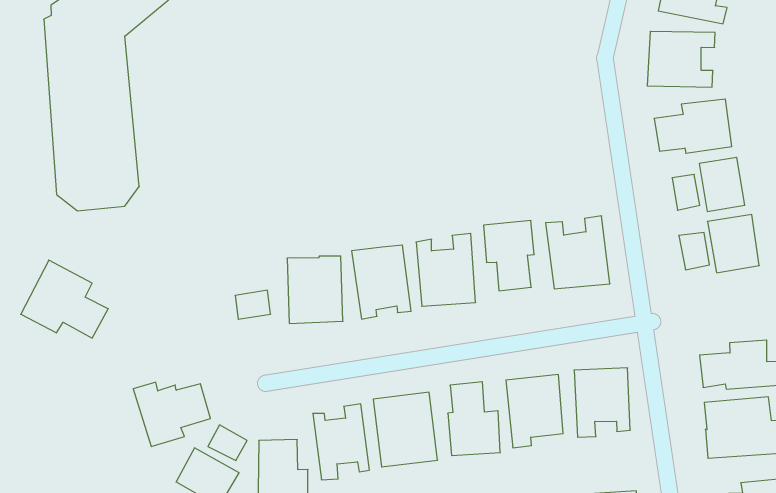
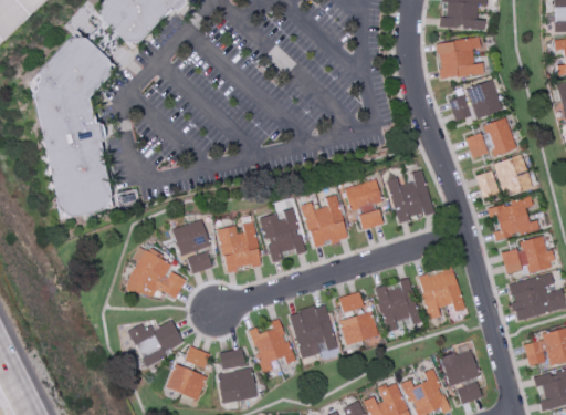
building: none -> [174,221,209,253]
building: [21,260,108,338] -> [127,250,185,298]
building: none -> [488,197,538,238]

